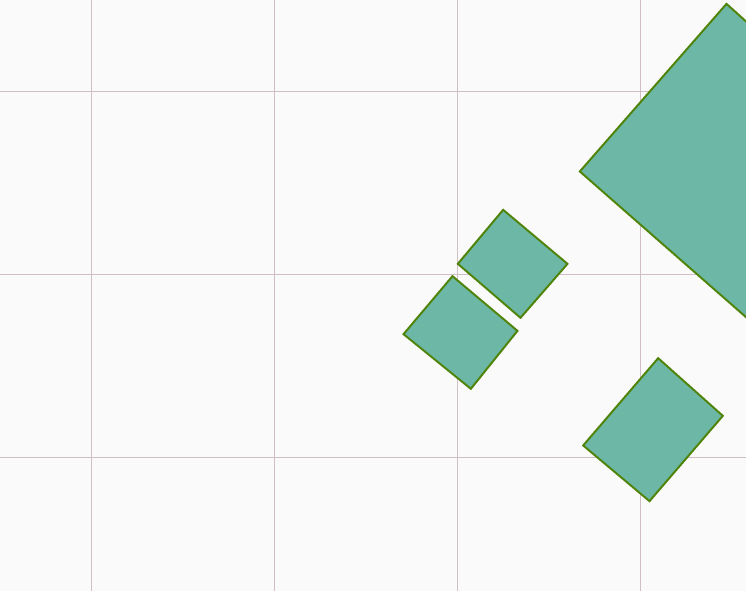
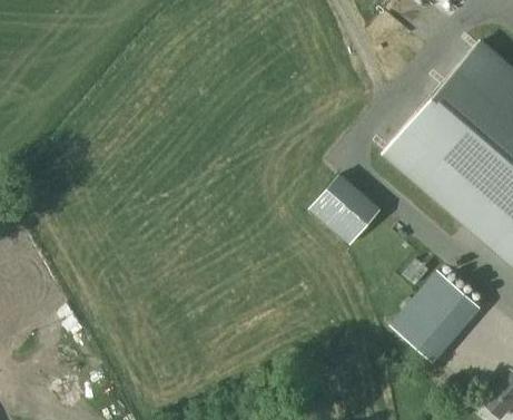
building: [404,276,518,389] -> none

